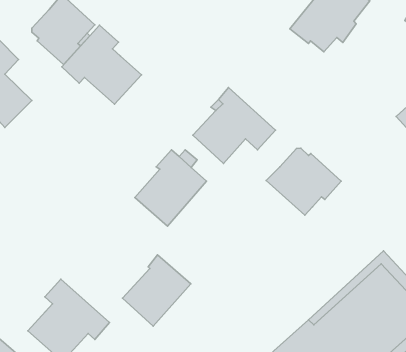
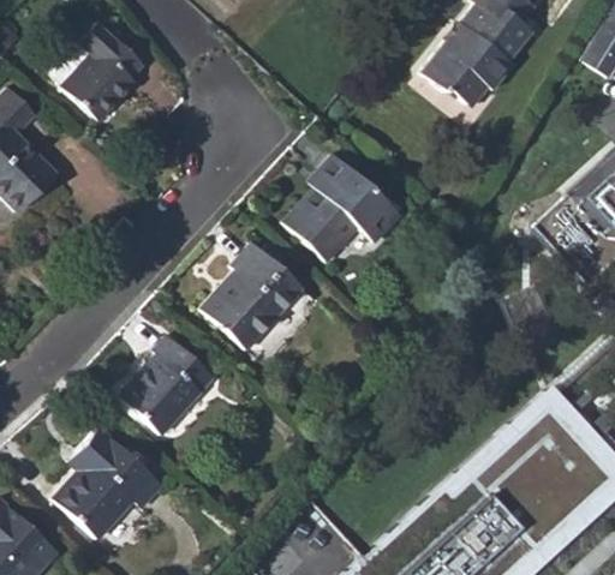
building: [62,25,142,104] -> none
building: [266,148,341,215] -> none
building: [123,255,191,326] -> [119,335,215,436]

